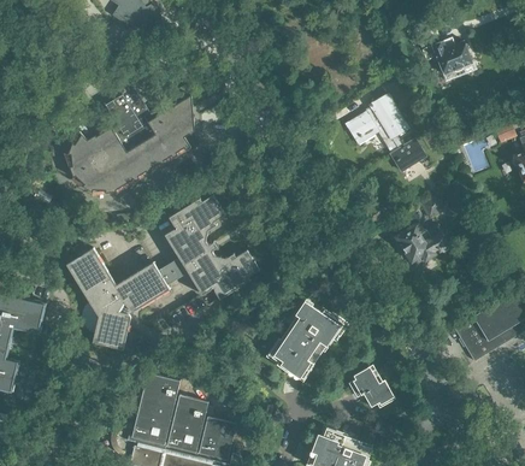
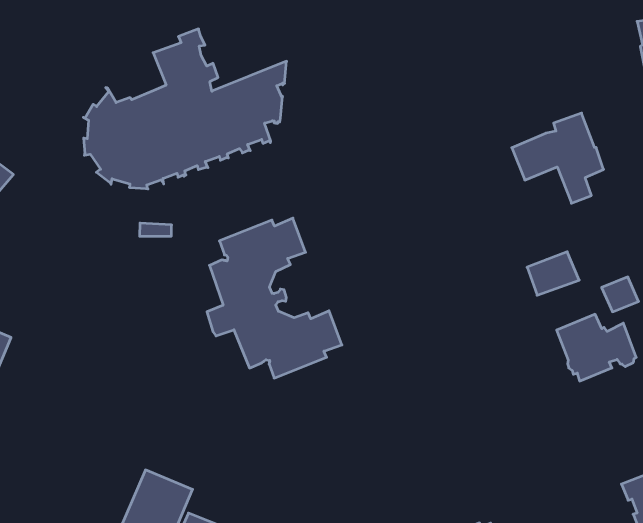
building: [390,138,425,170] -> [527,252,579,295]
building: [66,247,177,349] -> none
building: [272,301,342,371] -> none

